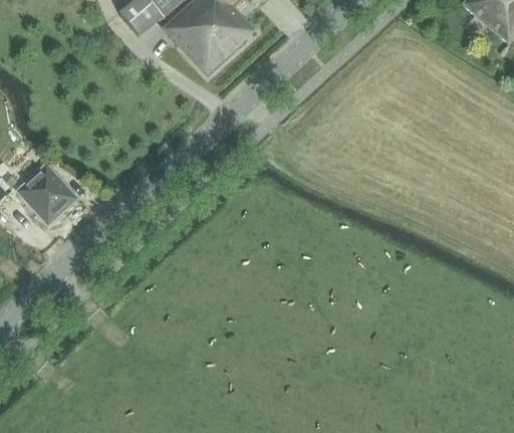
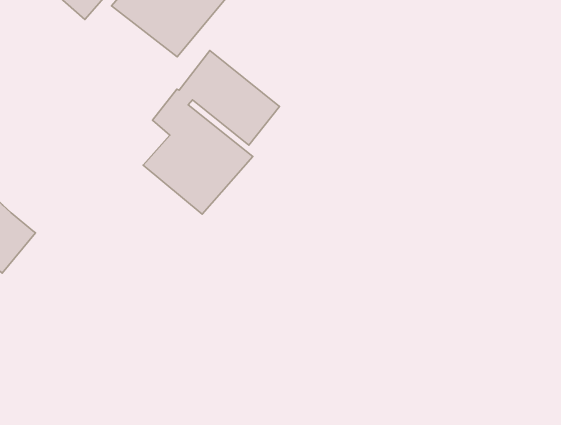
building: none -> [143,50,280,214]

